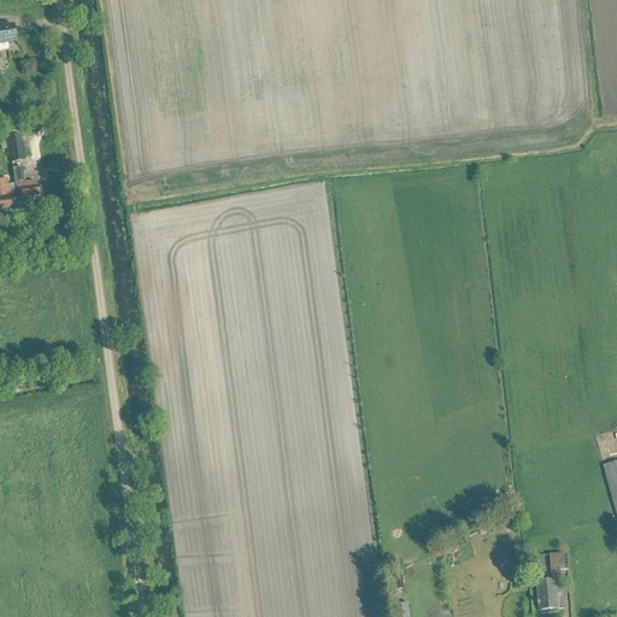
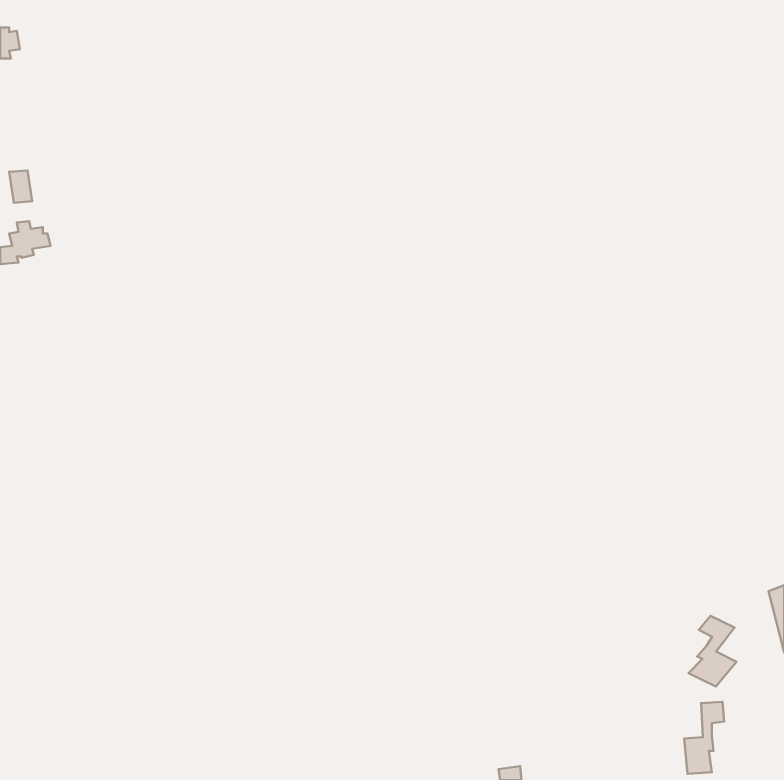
building: none -> [688,616,737,686]

